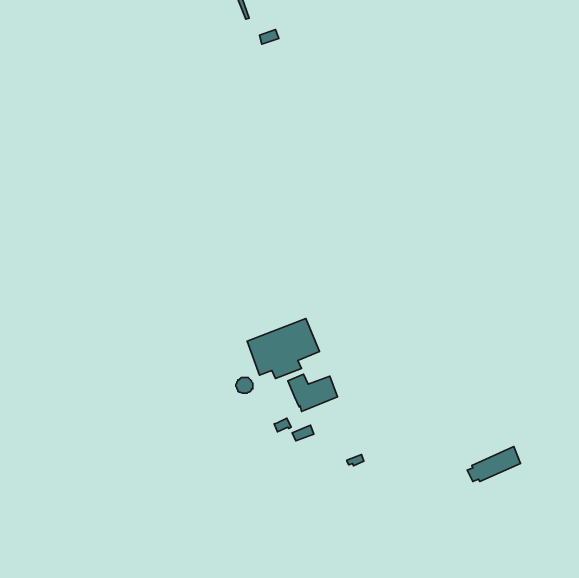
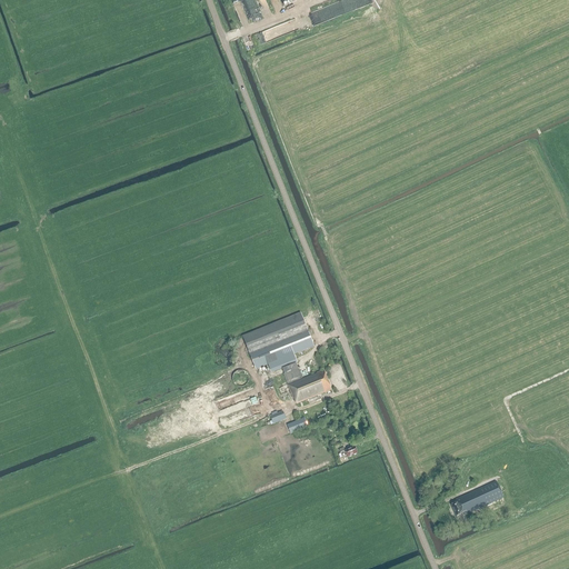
building: [467,446,520,482] -> [450,480,502,515]

